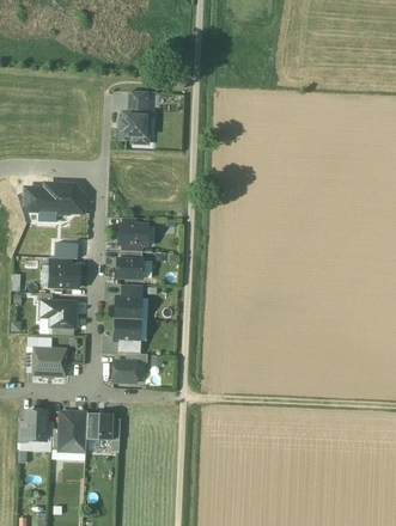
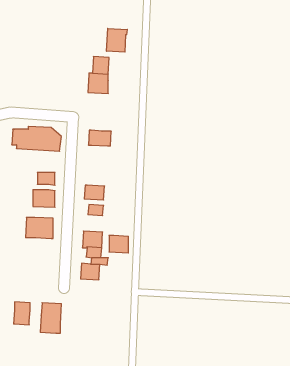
building: none -> [107,28,127,52]
building: [117,225,147,245] -> [88,130,111,146]
building: [115,298,140,320] -> [109,235,128,253]
building: [32,349,66,377] -> none
building: [85,414,112,441] -> none

